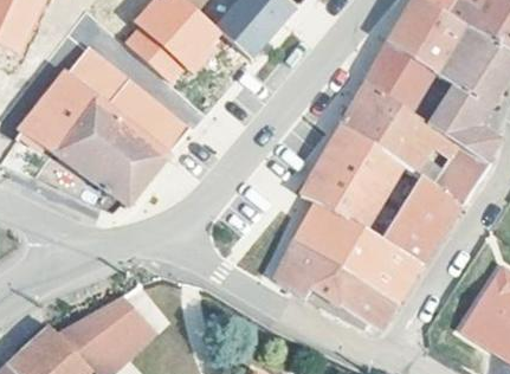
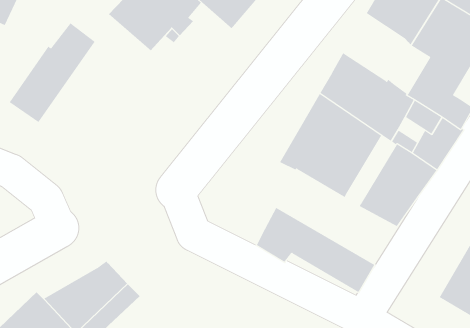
building: [364,41,432,114] -> none
building: [53,71,188,204] -> none
building: [296,201,420,299] -> none

